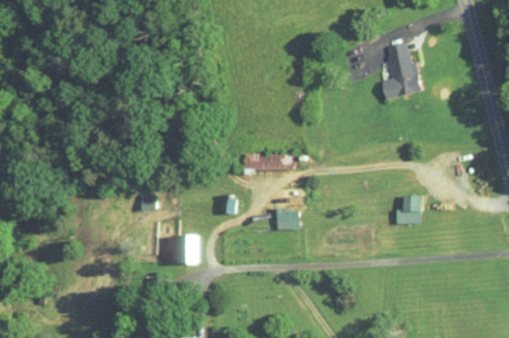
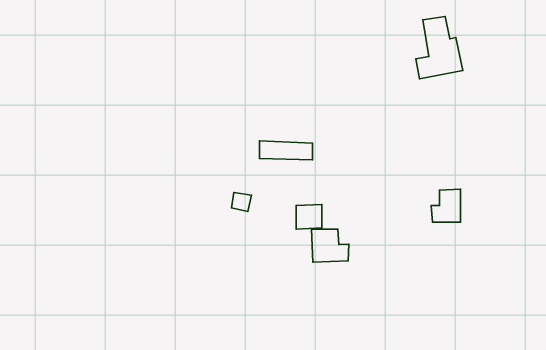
building: none -> [311,229,349,262]
building: [171,236,199,264] -> none

